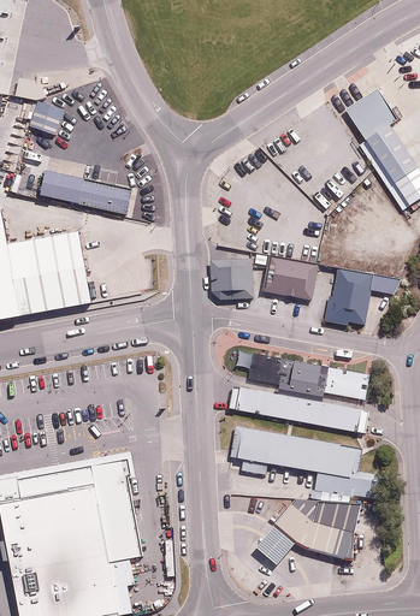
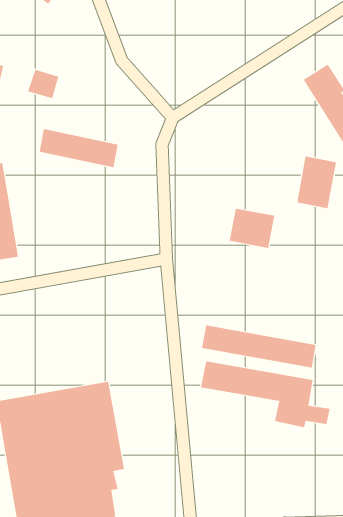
building: [11,227,94,310] -> none
building: [211,260,252,300] -> none
building: [325,271,371,331] -> [296,156,337,209]
building: [243,357,366,402] -> none
building: [254,499,357,567] -> none

